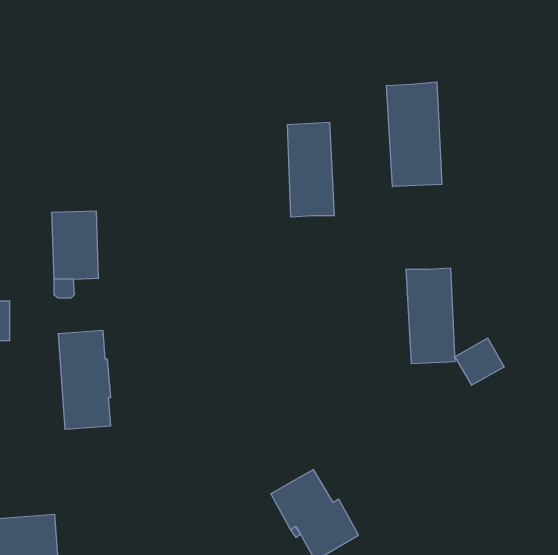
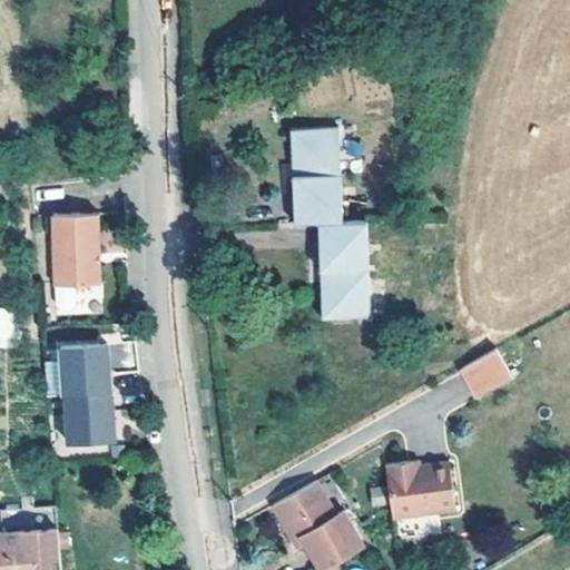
building: [387,82,442,187] -> none
building: [406,268,455,364] -> [317,223,367,320]
building: none -> [385,463,453,520]

